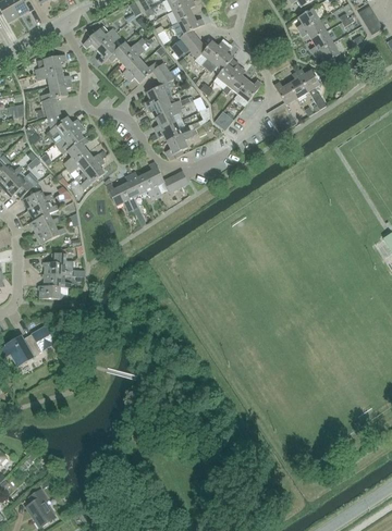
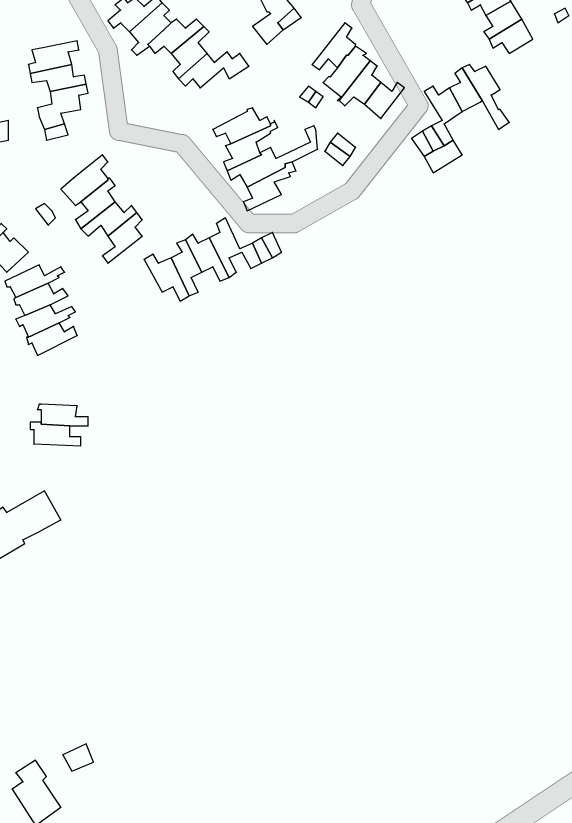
building: [192,40,226,69] -> none
building: [145,72,174,108] -> none
building: [47,113,81,144] -> none
building: [42,251,73,274] -> none

